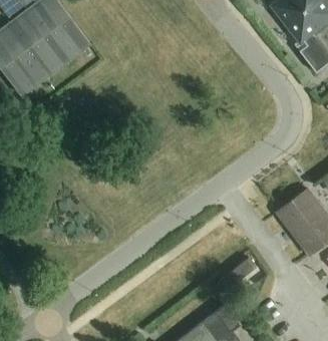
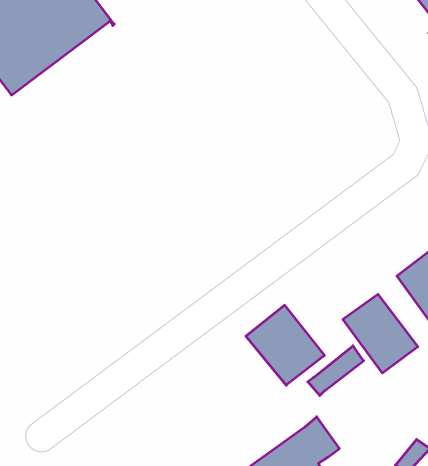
building: none -> [343,294,418,373]
building: none -> [246,305,324,385]

